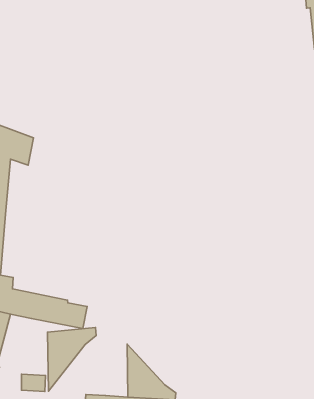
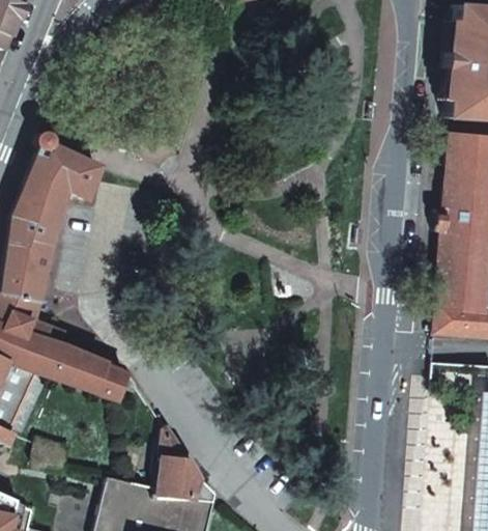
building: [47,327,96,391] -> none

